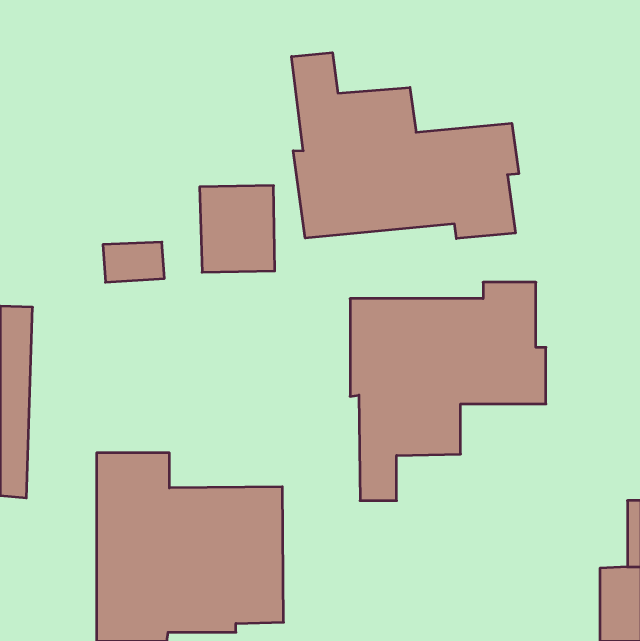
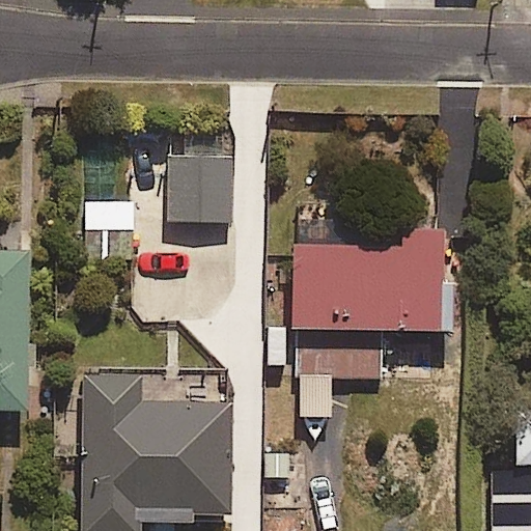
building: [292,53,519,239] -> none

